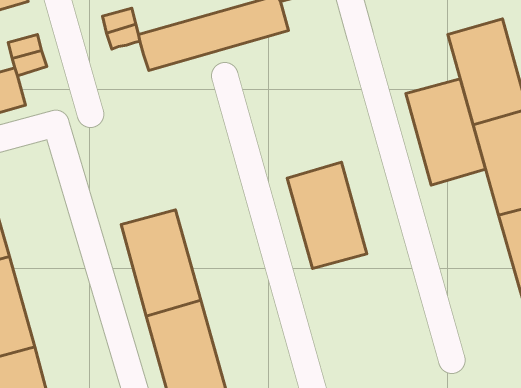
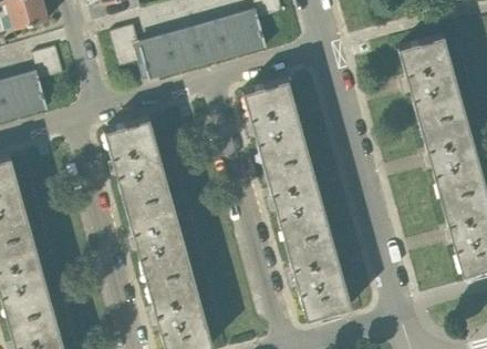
building: [406,79,486,185] -> [242,78,309,166]
building: none -> [104,116,170,205]
building: none -> [284,229,351,318]

